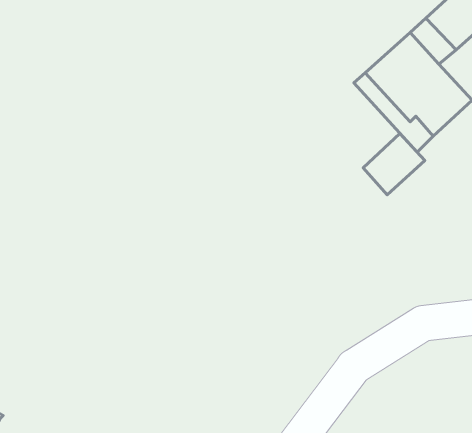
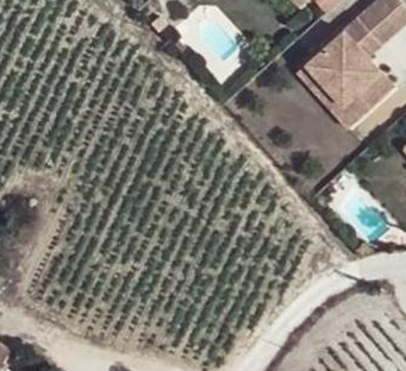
building: [363,133,425,195] -> none

